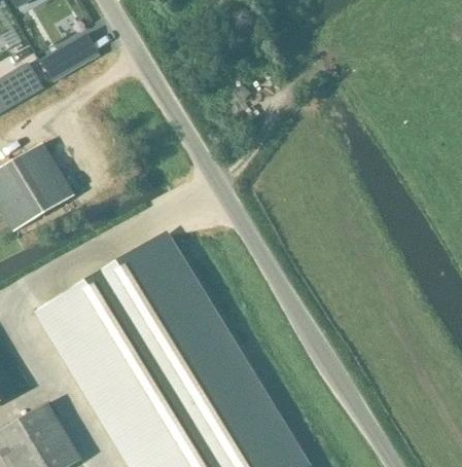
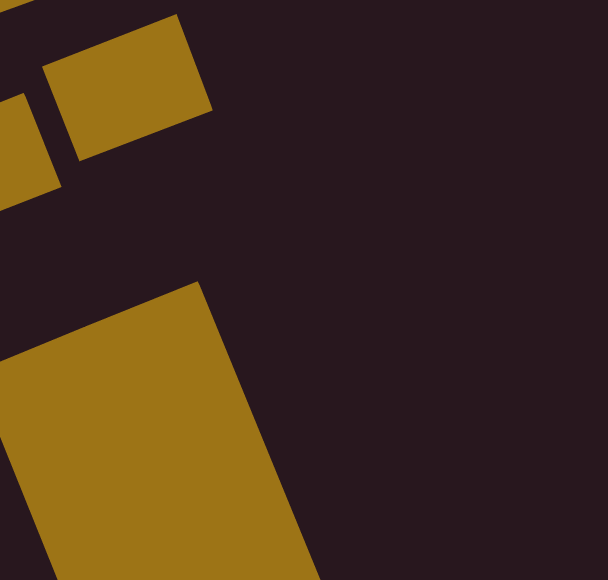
building: none -> [41,13,213,162]

